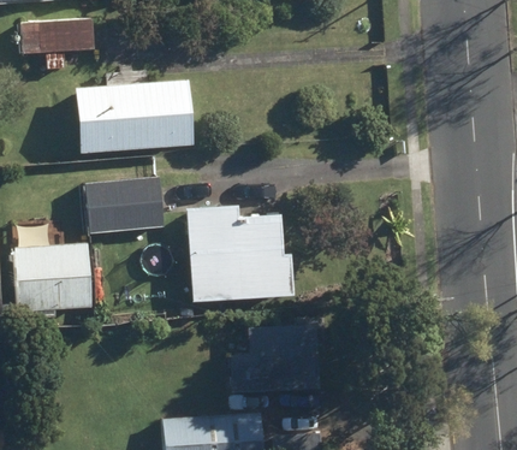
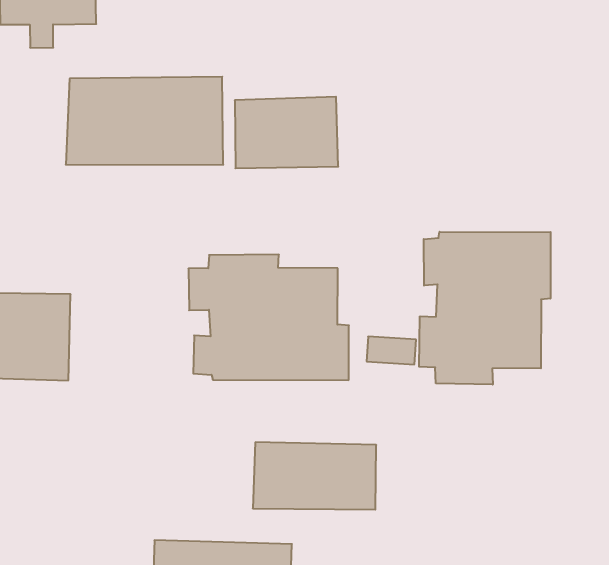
building: [85,177,164,233] -> [235,97,338,168]
building: none -> [419,232,551,385]

